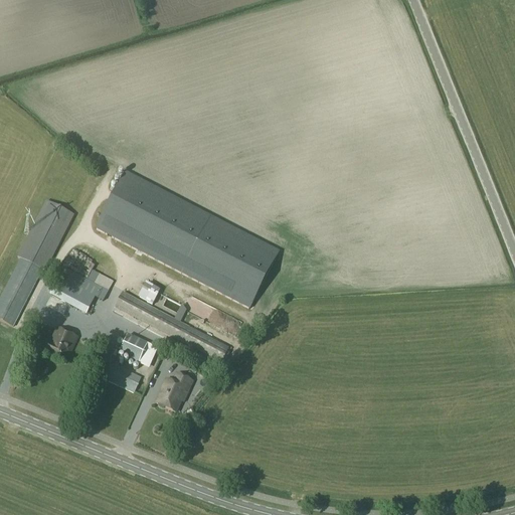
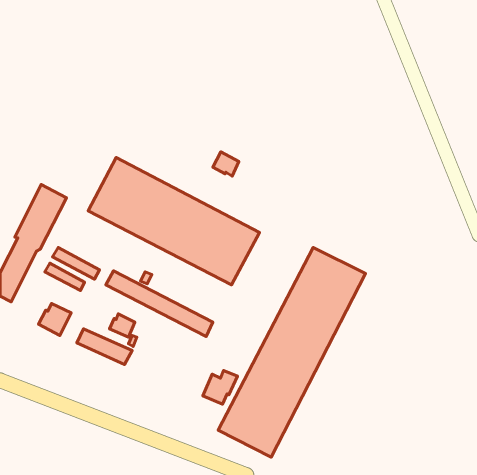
building: none -> [213,152,239,176]
building: none -> [218,248,365,457]
building: [157,374,194,410] -> [203,371,237,404]

